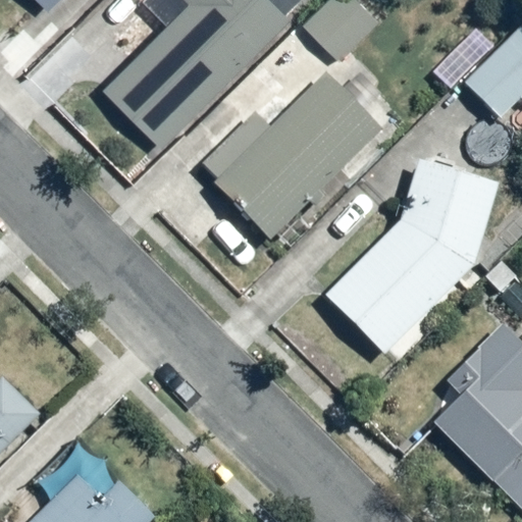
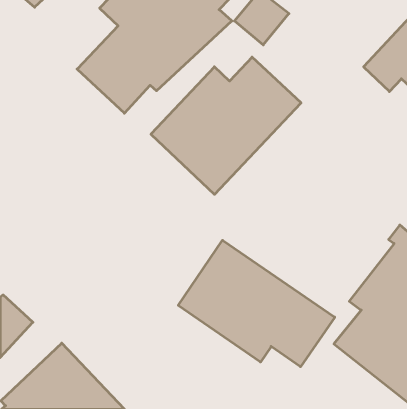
building: [325,158,500,356] -> none
building: none -> [178,240,335,367]

